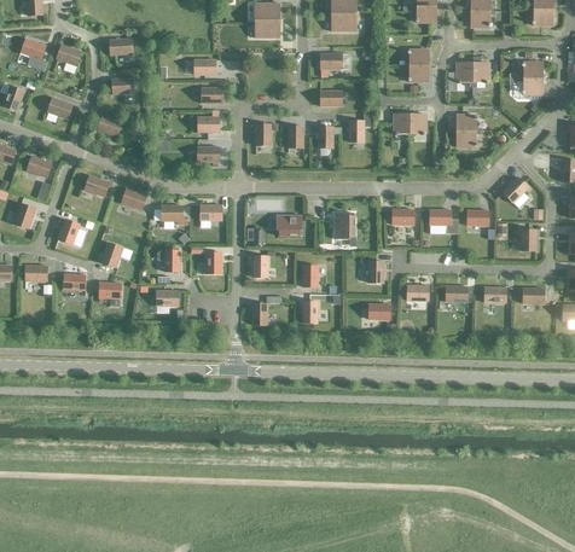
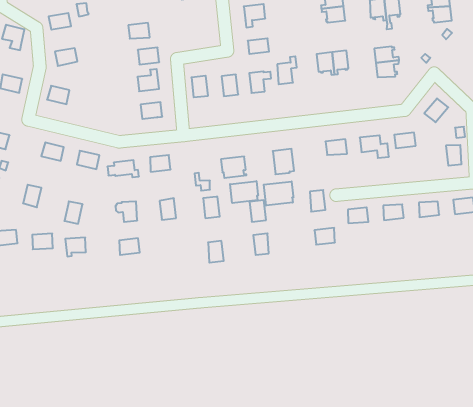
building: none -> [230,181,258,203]
building: none -> [264,181,293,206]

